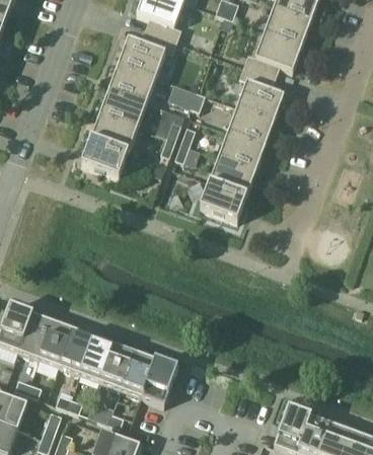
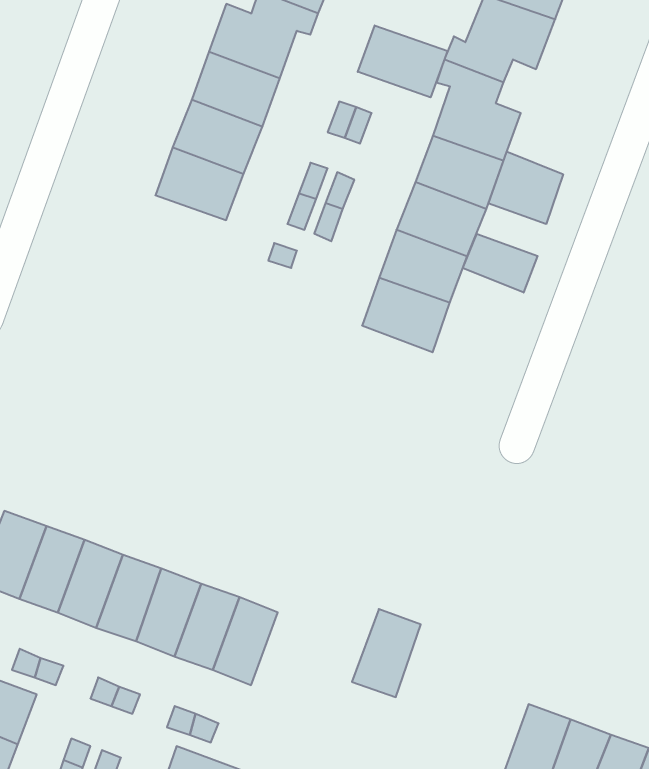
building: none -> [358,25,447,97]
building: none -> [489,152,563,224]
building: [81,137,128,176] -> none
building: none -> [463,234,538,293]
building: [141,358,177,404] -> [352,609,421,697]

